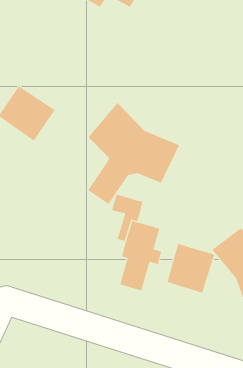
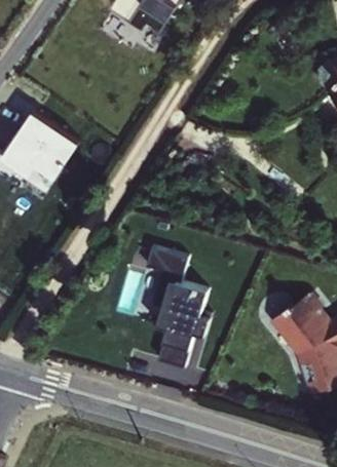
building: [87,102,180,205] -> none
building: [167,243,215,293] -> none

